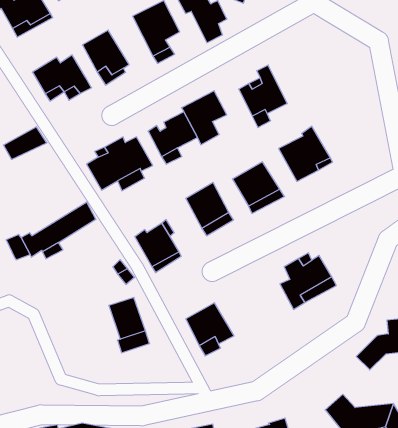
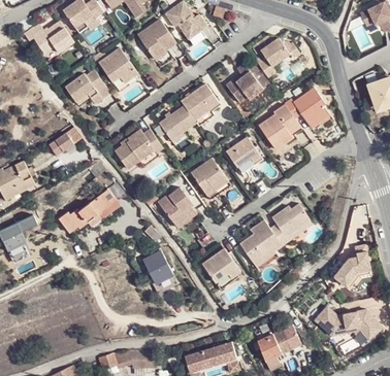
building: none -> [257,40,289,79]
building: none -> [283,88,329,128]
building: none -> [239,219,283,270]

